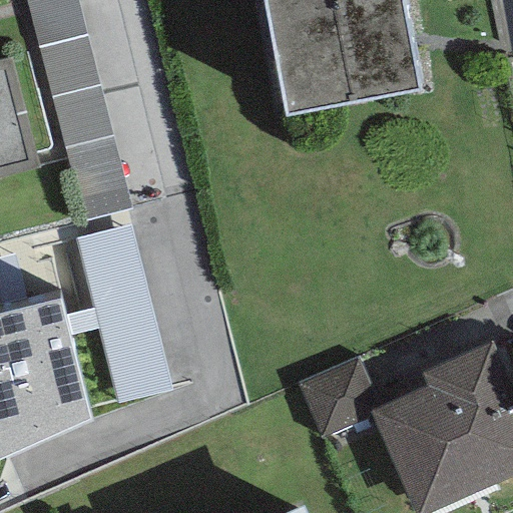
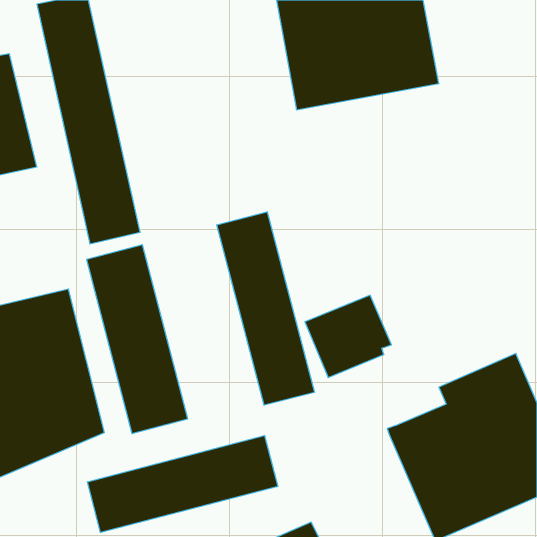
building: none -> [217,212,314,405]
building: [295,359,377,437] -> [305,295,391,378]
building: none -> [88,436,278,533]

